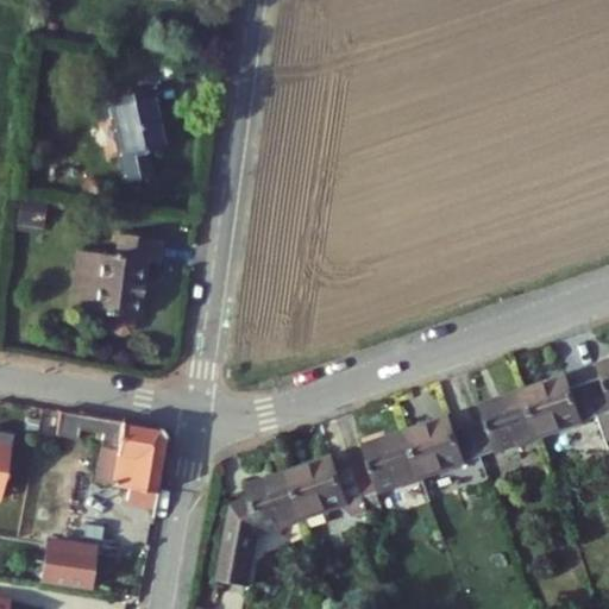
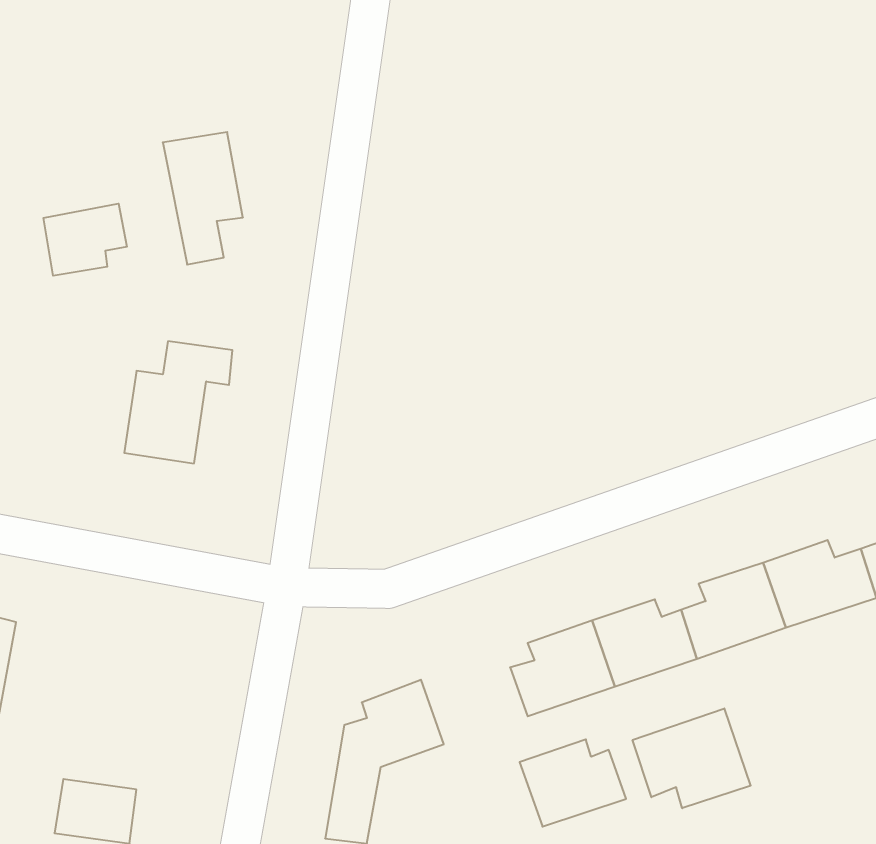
building: none -> [43,204,127,276]
building: [55,408,164,508] -> none
building: [288,457,360,516] -> [520,739,626,827]
building: none -> [633,708,751,808]

